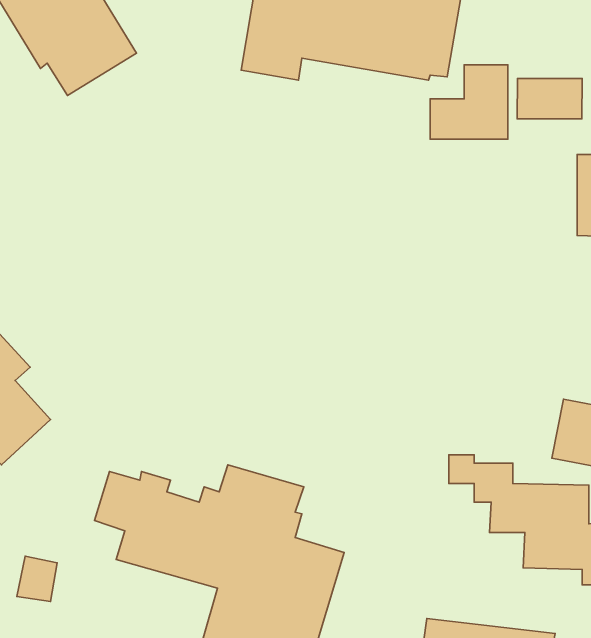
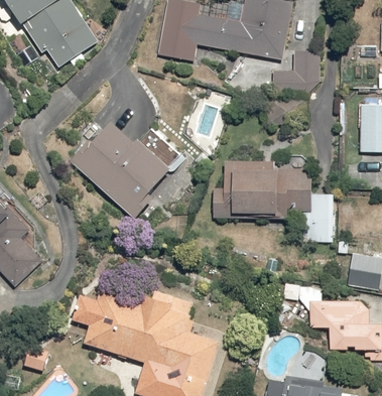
building: [517,78,582,119] -> none
building: none -> [68,117,181,220]
building: none -> [213,160,330,242]

